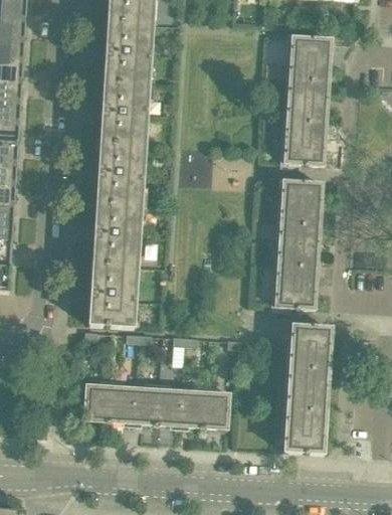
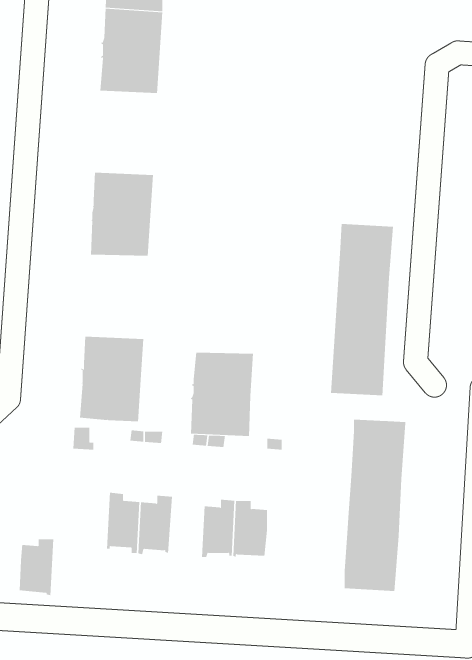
building: [283,36,330,164] -> none
building: [100,81,147,144] -> none
building: [92,203,140,266] -> [190,352,254,436]
building: [84,379,111,421] -> [19,539,54,596]
building: [155,382,181,427] -> none

